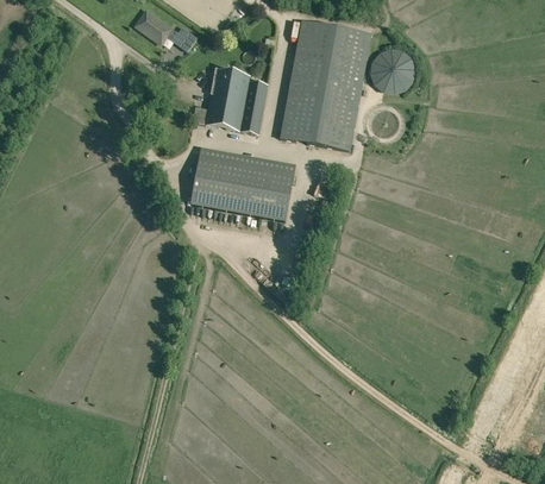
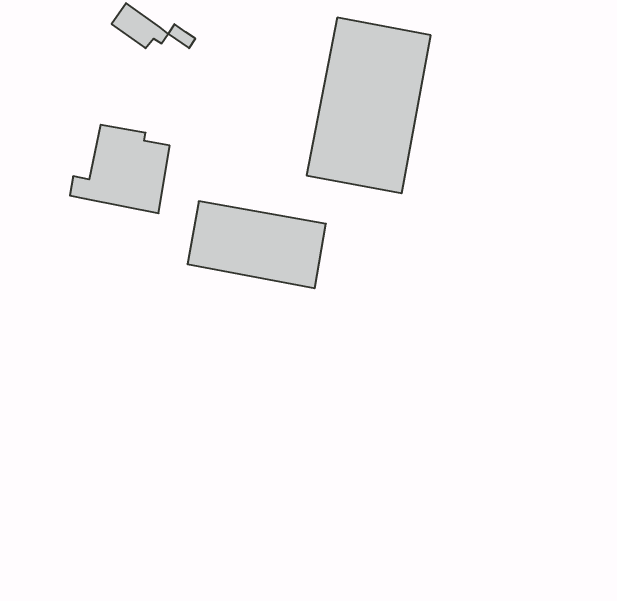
building: [375,43,415,88] -> none
building: [193,68,267,133] -> [70,125,170,213]

